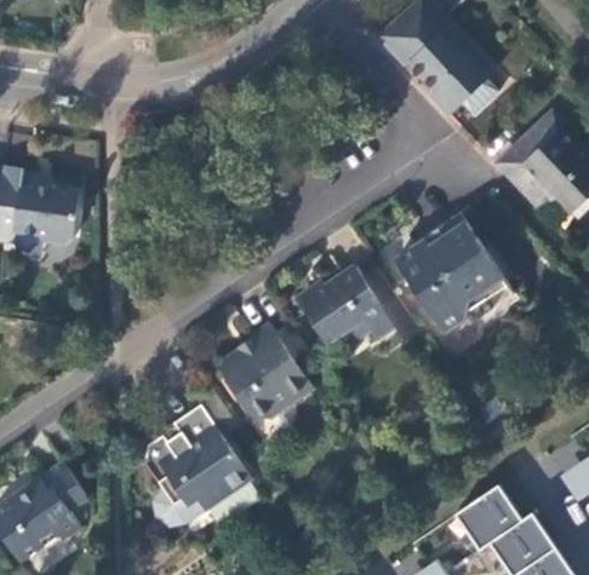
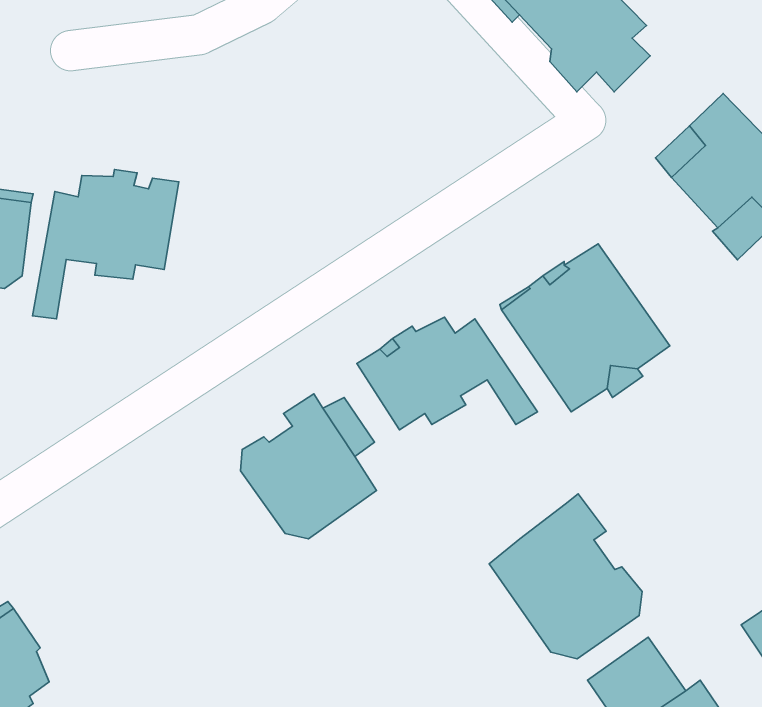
building: none -> [32,169,179,319]
building: none -> [489,494,642,659]
building: [136,390,247,527] -> none

